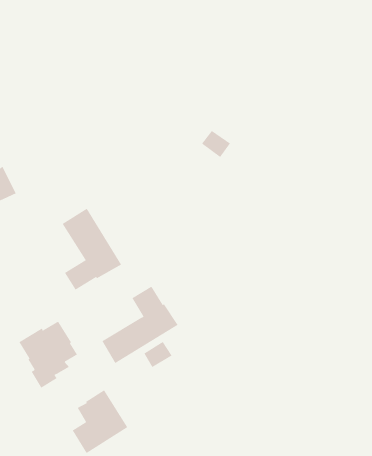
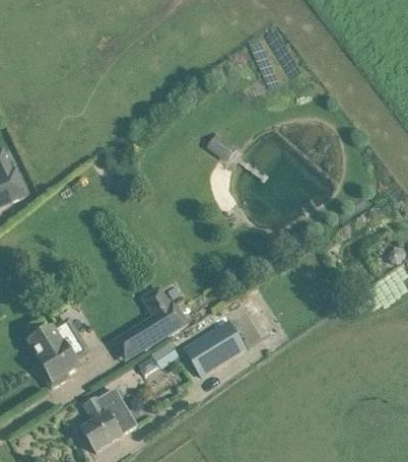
building: [62,208,122,291] -> none
building: none -> [182,320,245,376]

